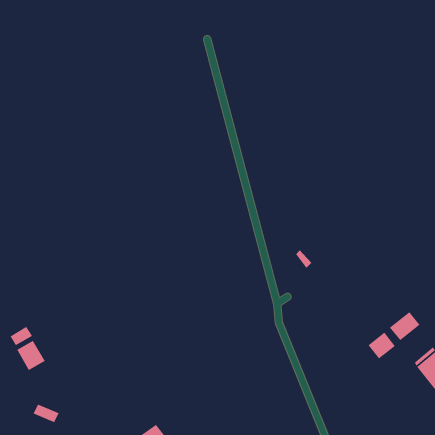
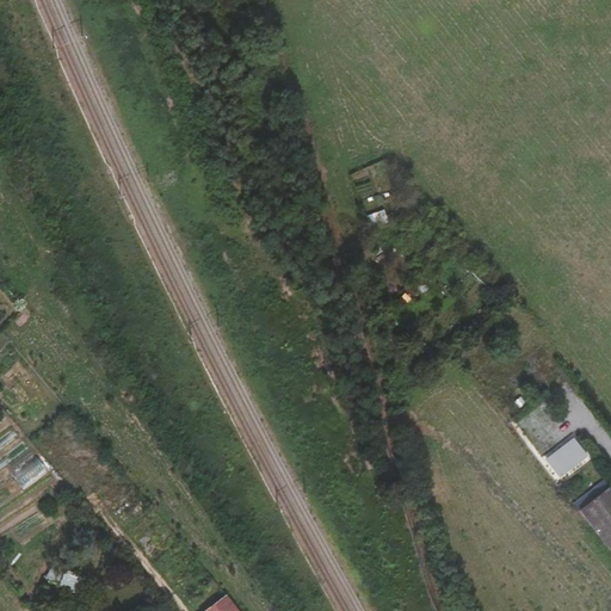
building: [368,332,396,359] -> none
building: [16,340,46,371] -> none

